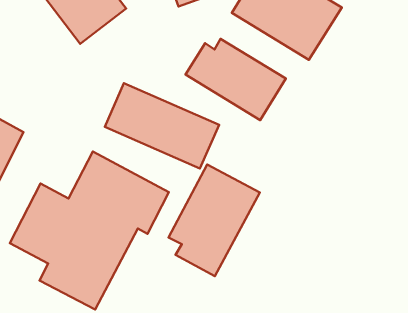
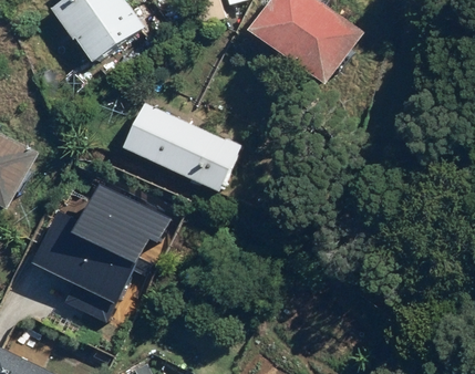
building: [186,39,286,120] -> none
building: [168,165,260,276] -> none

